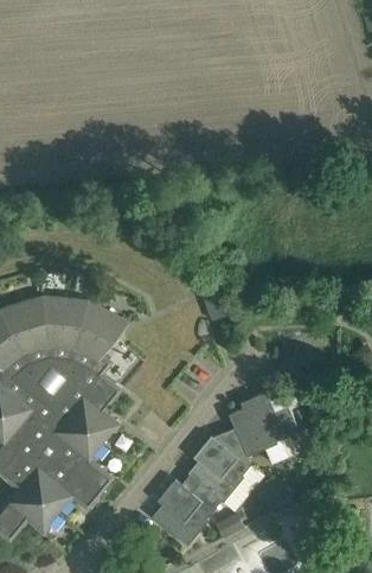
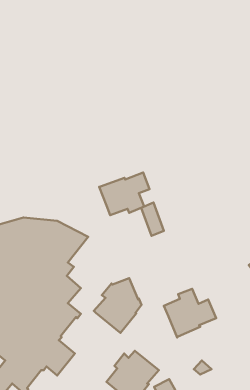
building: none -> [99,173,149,215]
building: [188,428,252,502] -> [94,278,142,333]

